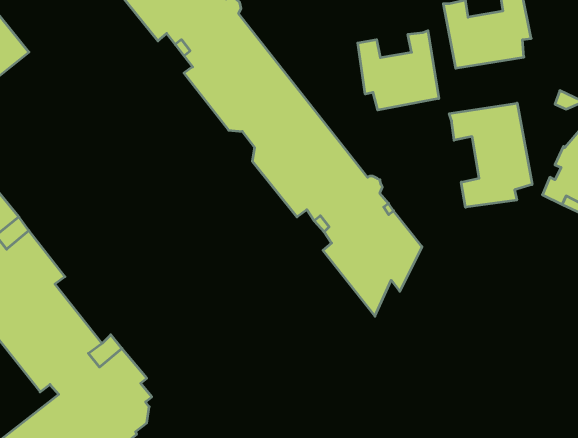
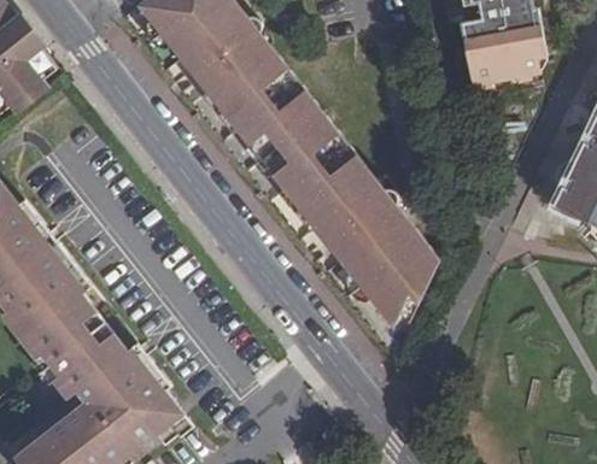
building: [358,31,439,110] -> none
building: [449,103,532,207] -> none

